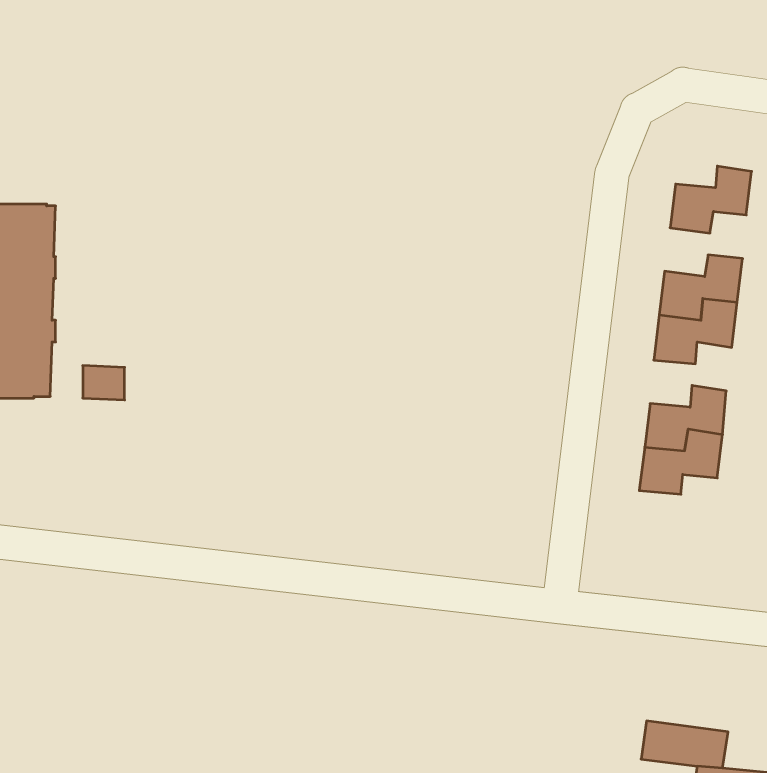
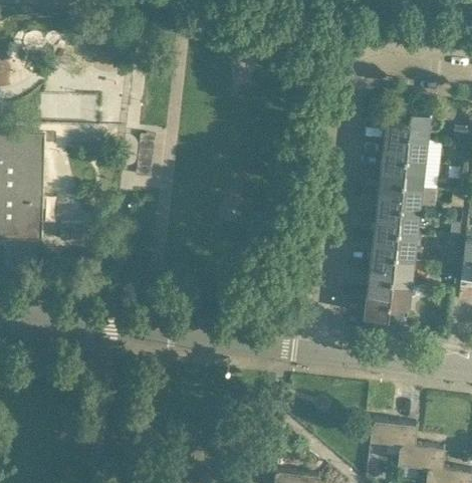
building: none -> [382,139,427,175]
building: none -> [374,211,419,247]
building: none -> [365,284,415,334]

